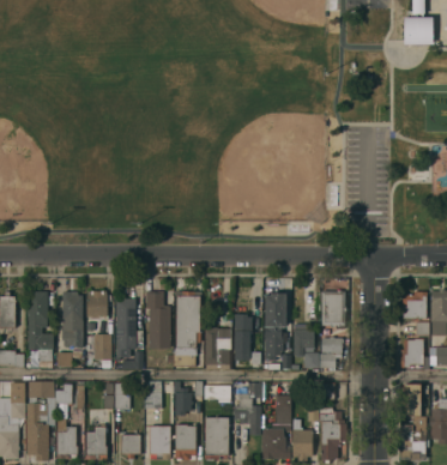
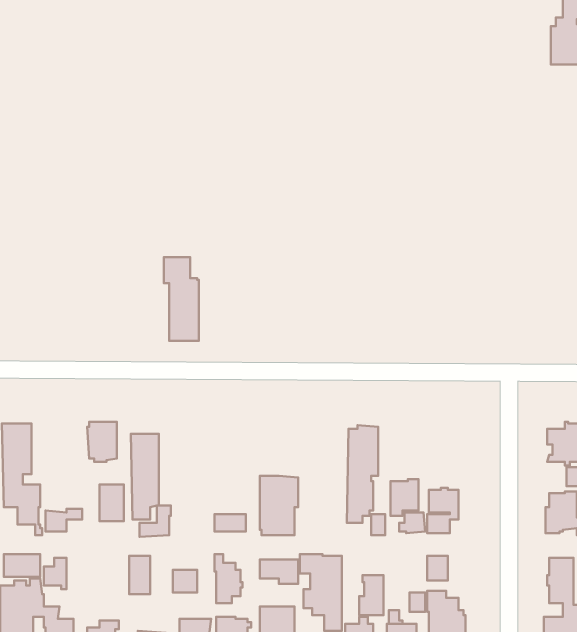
building: [145,291,169,349] -> [164,257,199,341]
building: [321,291,345,327] -> none
building: [61,292,81,349] -> none
building: [175,292,201,349] -> none
building: [232,314,250,361] -> none

